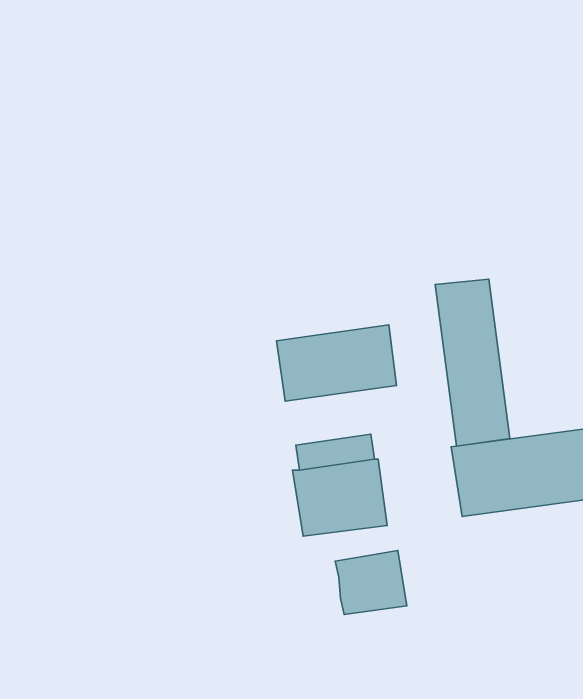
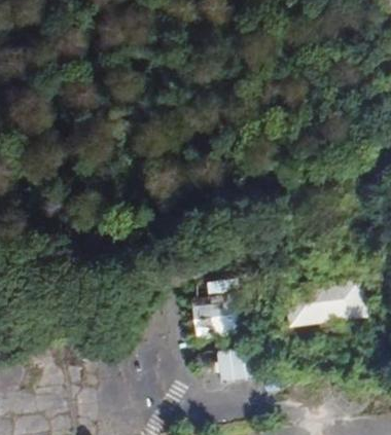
building: [435,279,510,446] -> none
building: [276,325,396,401] -> none

